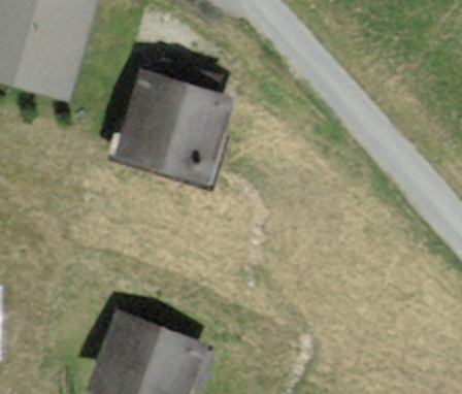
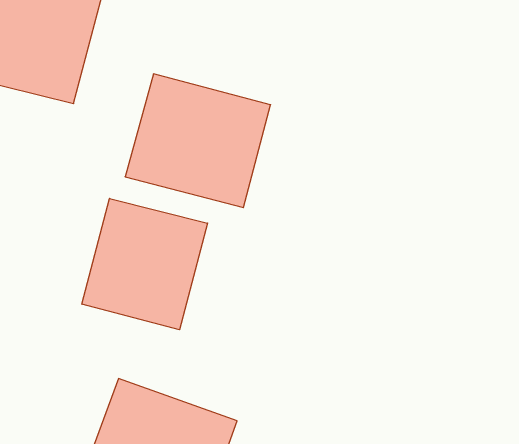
building: none -> [82,198,208,330]

